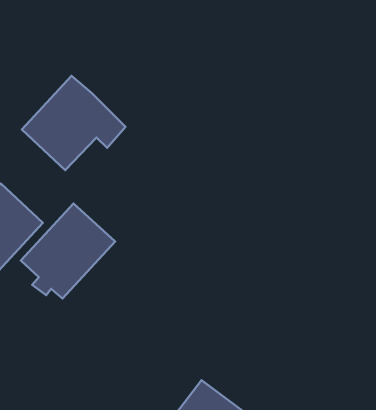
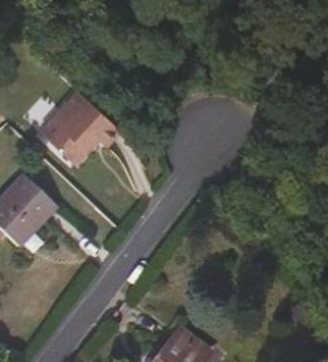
building: [21,204,115,298] -> none

